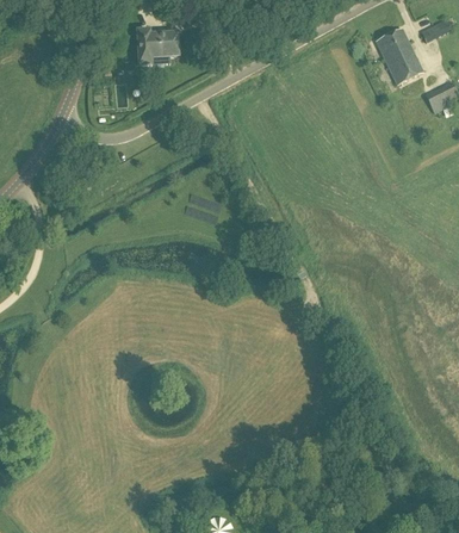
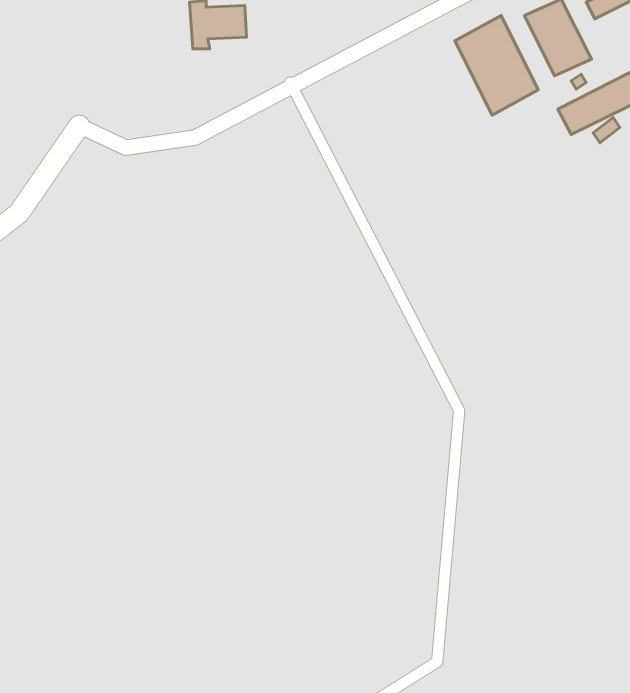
building: none -> [455,16,538,115]

